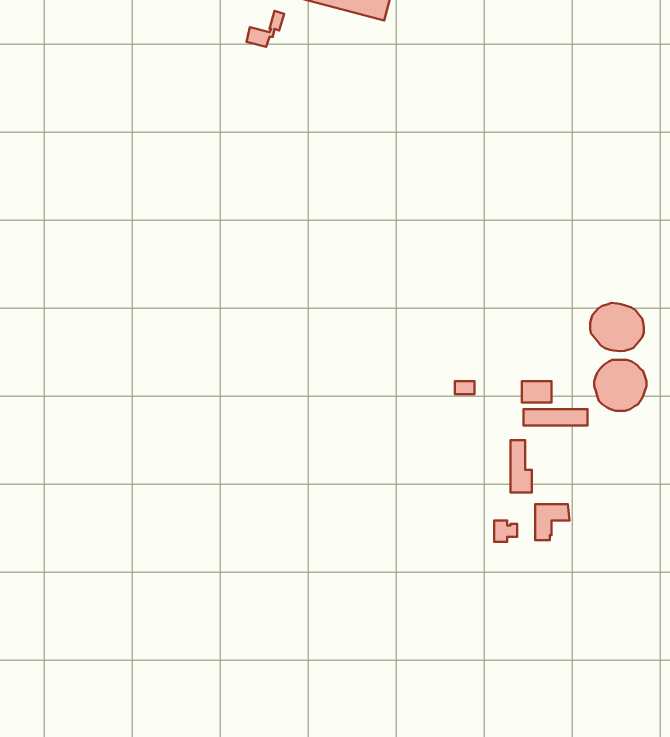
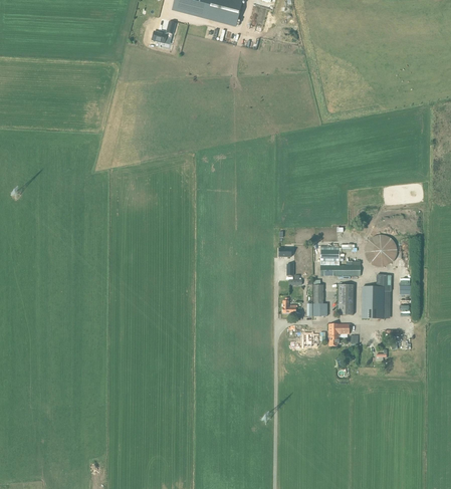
building: [590,303,644,351] -> none
building: none -> [362,276,390,318]
building: none -> [337,284,354,314]

